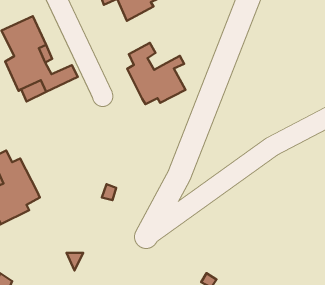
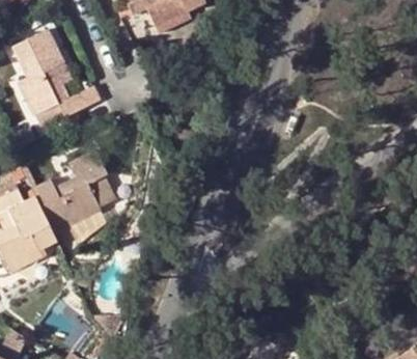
building: [127,43,185,104] -> none
building: none -> [31,149,119,233]

